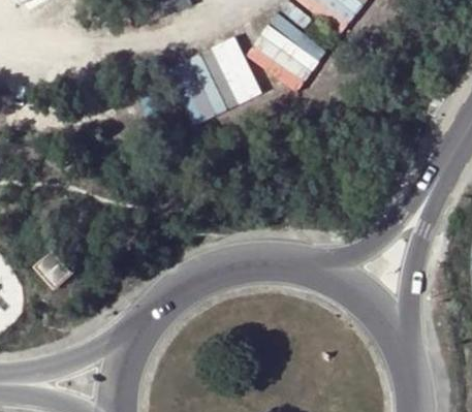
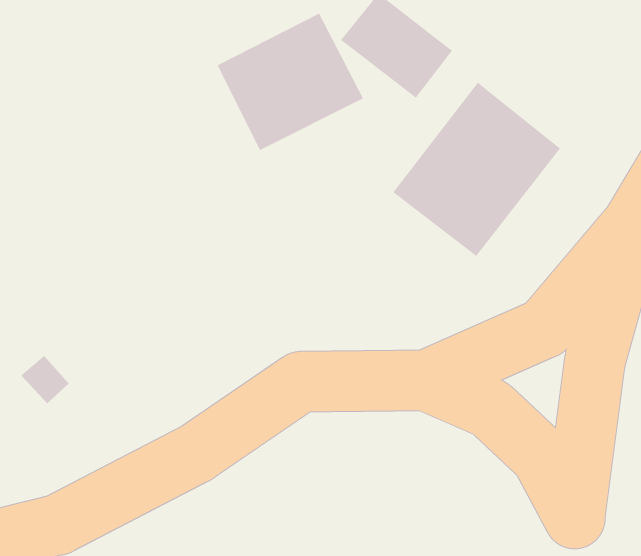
building: none -> [393,82,561,257]

